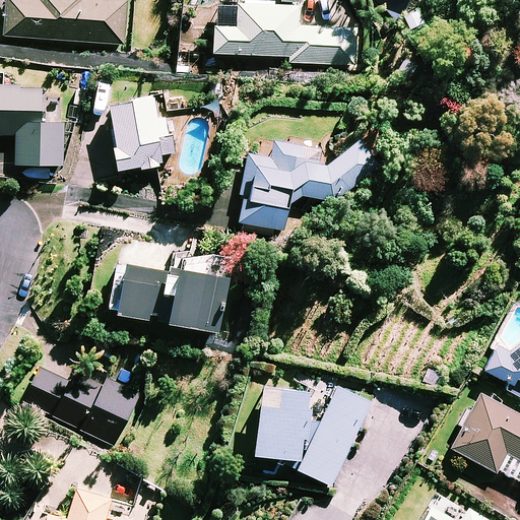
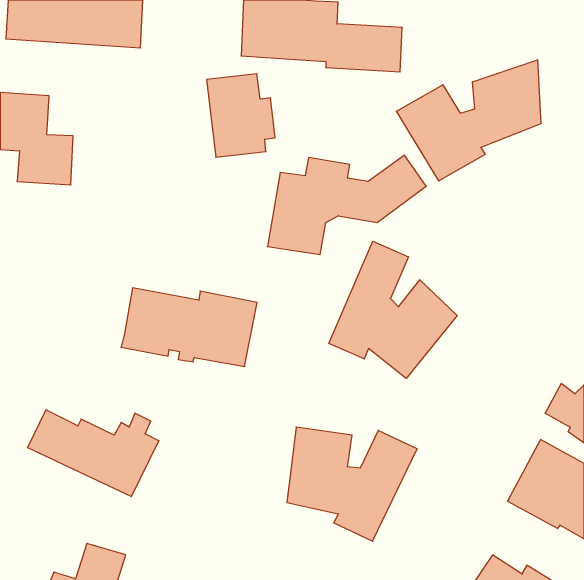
building: none -> [396,60,541,181]
building: [110,96,171,171] -> [207,74,275,157]
building: none -> [329,241,457,378]

